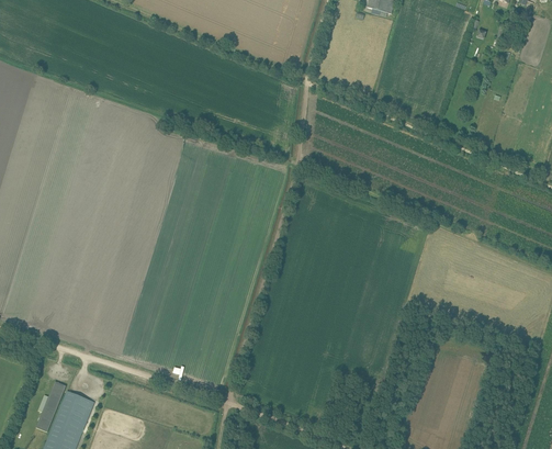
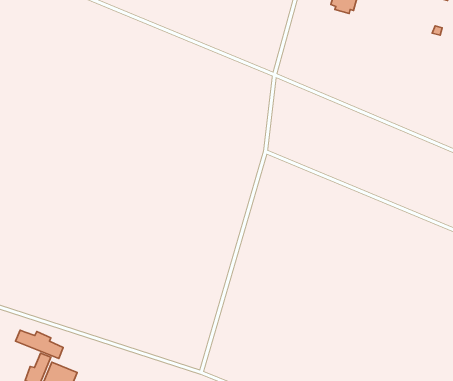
building: none -> [16,330,63,359]

